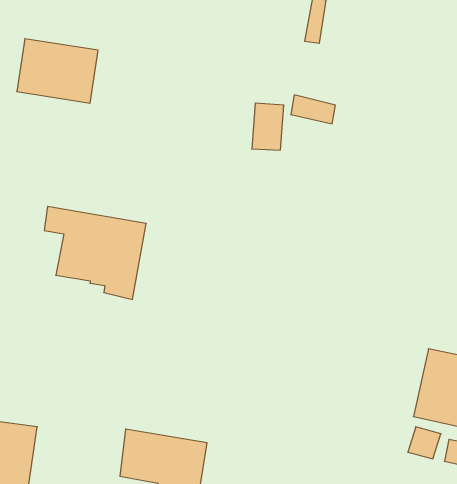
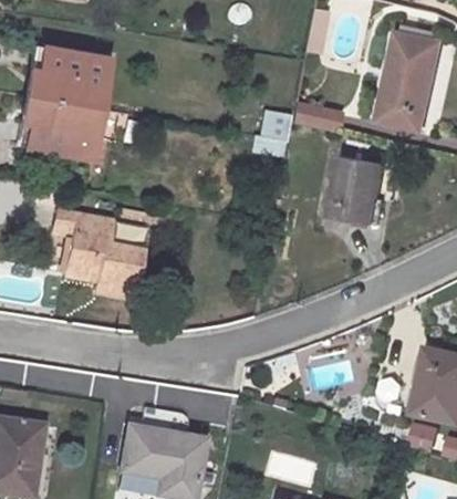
building: none -> [377,33,437,129]
building: none -> [20,98,98,158]
building: none -> [326,154,384,226]

